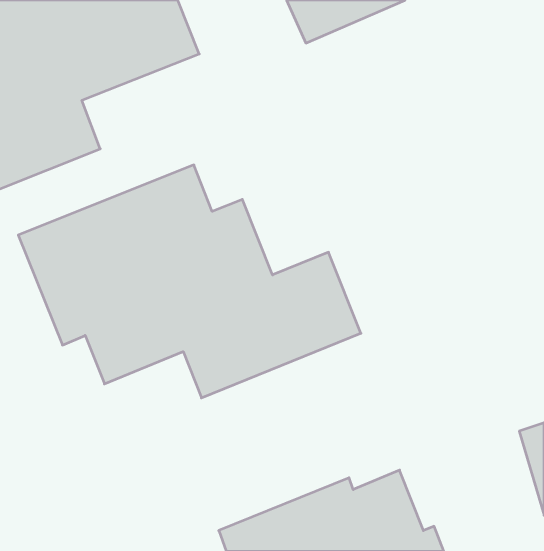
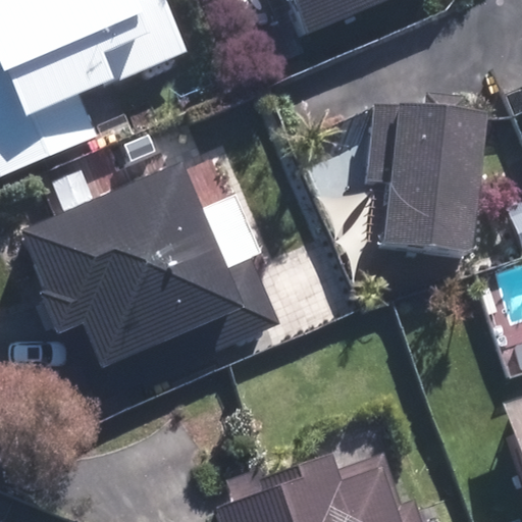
building: none -> [368,102,489,249]

